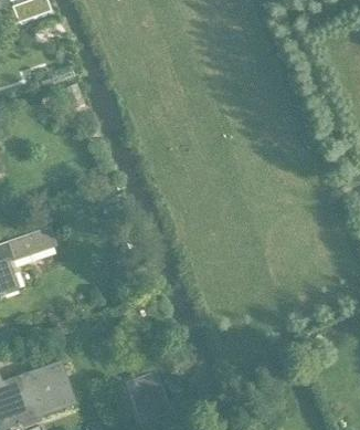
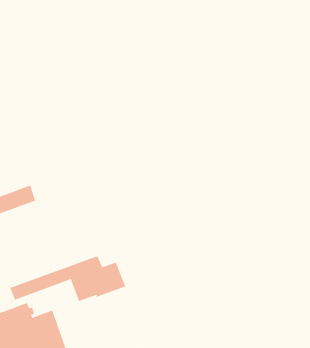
building: none -> [9,255,126,302]

